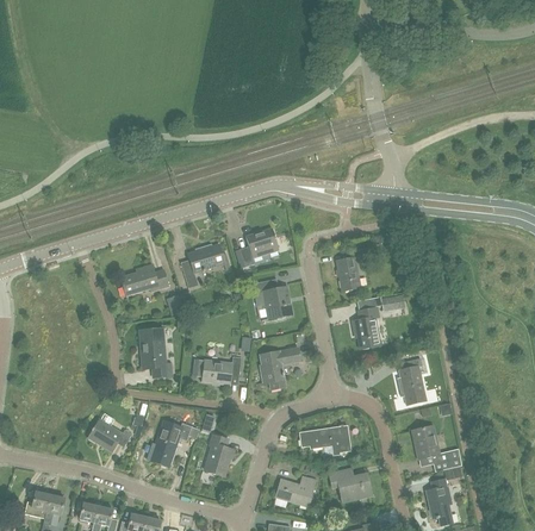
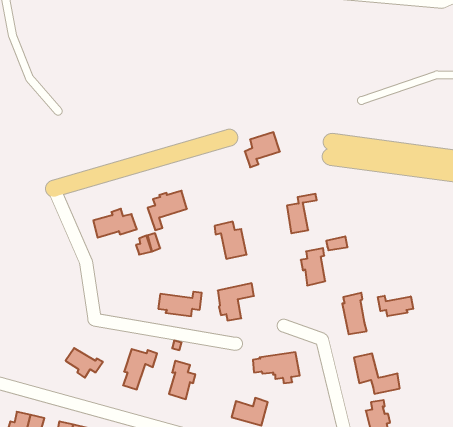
building: [238,227,278,267] -> [245,132,280,167]
building: [138,329,170,376] -> none
building: none -> [378,296,413,316]
building: [328,469,371,501] -> none

